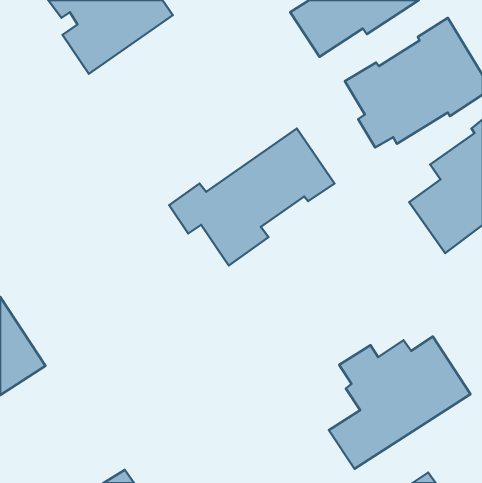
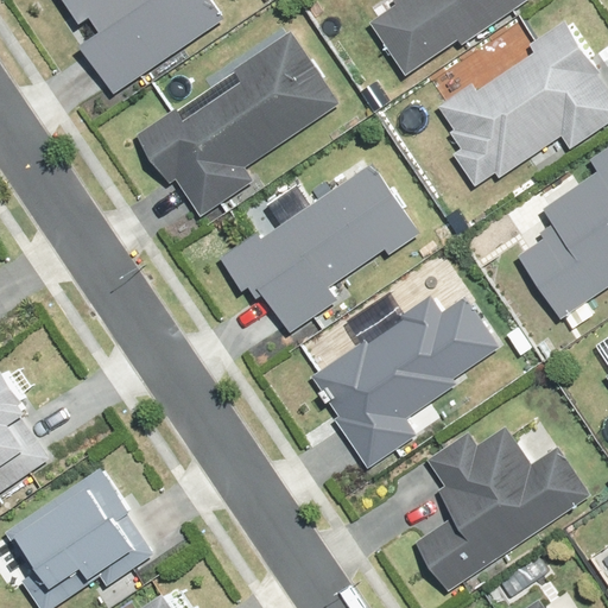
building: none -> [129,27,347,215]
building: none -> [305,296,501,471]
building: none -> [6,484,128,583]

